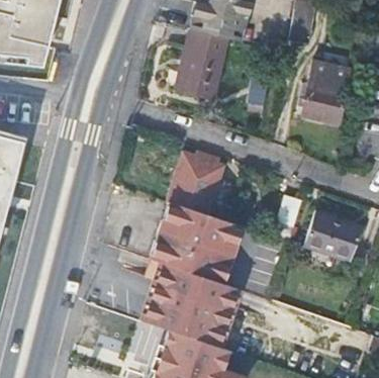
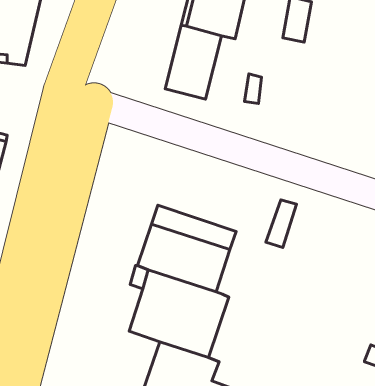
building: [301,63,350,123] -> none
building: [172,152,222,204] -> none
building: [303,211,359,261] -> none

